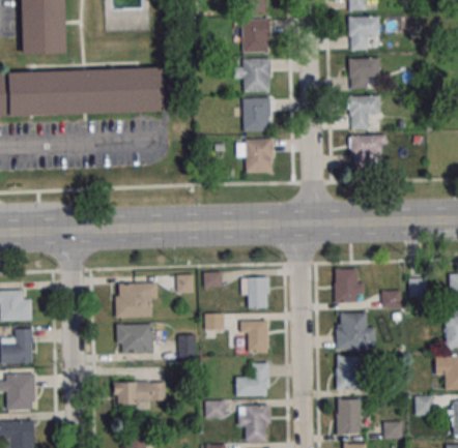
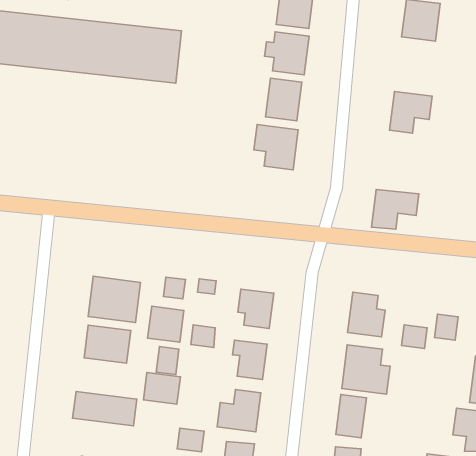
building: [349,59,379,88] -> none
building: [350,136,387,169] -> [371,190,419,229]
building: none -> [148,306,184,342]
building: none -> [143,372,180,404]

